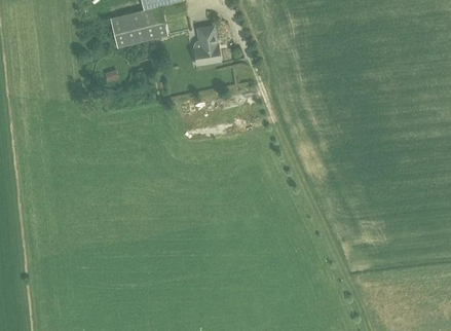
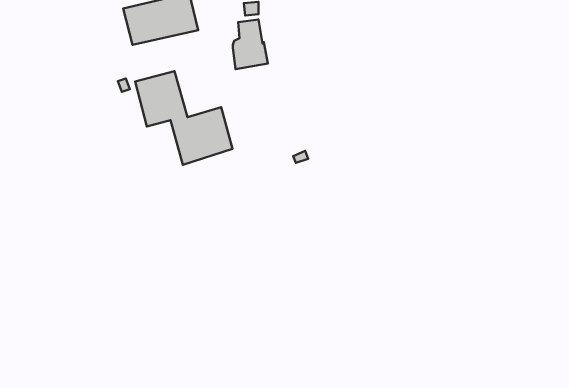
building: none -> [135,71,232,165]

